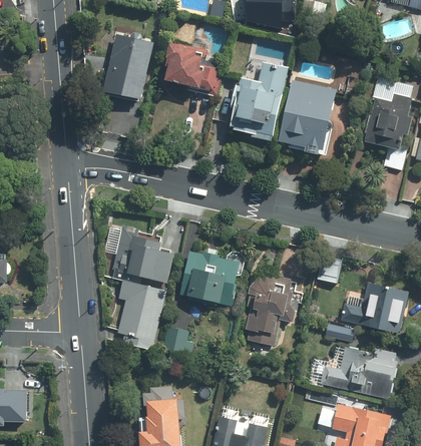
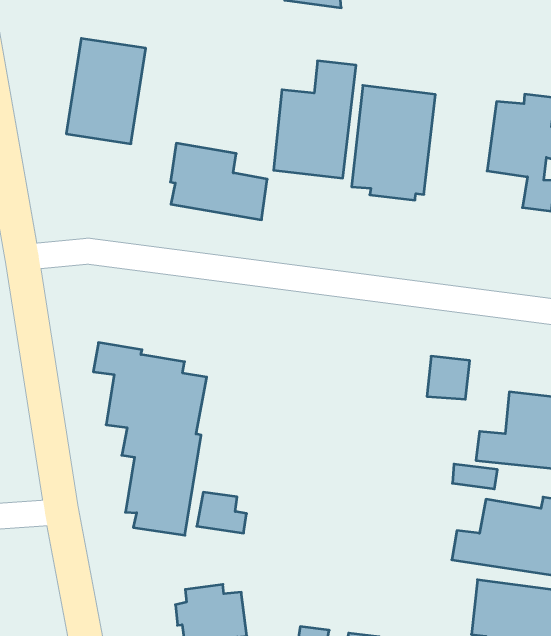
building: [161,41,224,94] -> [170,143,267,220]
building: [178,252,241,305] -> none
building: [242,278,301,346] -> none

